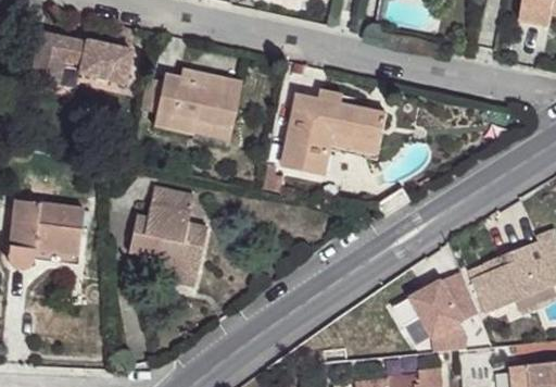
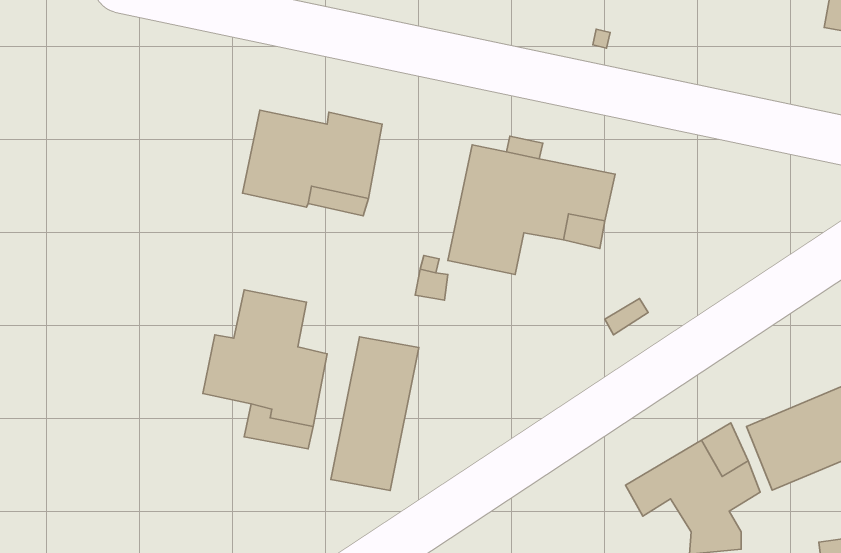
building: [31,30,130,85] -> none
building: [7,198,83,269] -> none
building: none -> [331,337,419,490]

